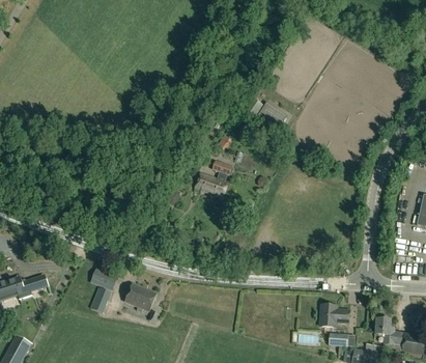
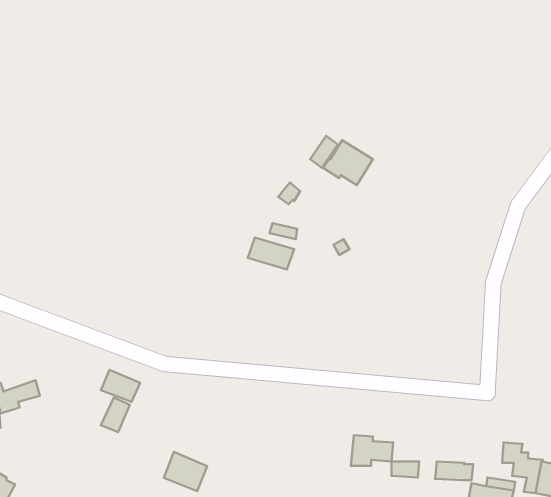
building: [124,282,155,310] -> [164,452,207,491]
building: [319,304,349,326] -> [351,435,393,466]

